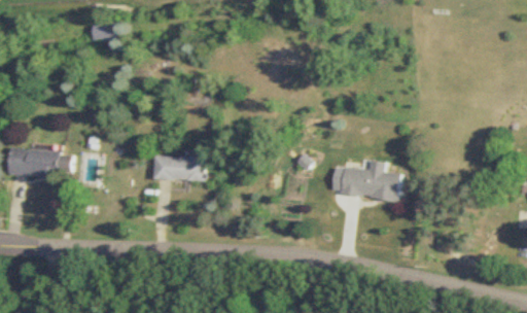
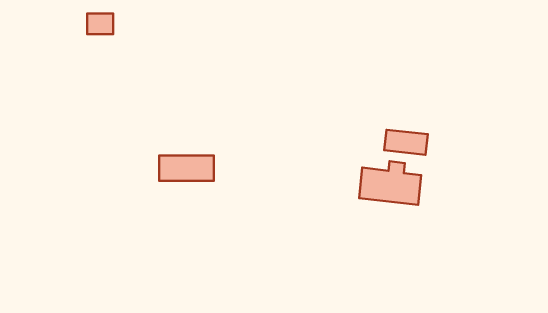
building: none -> [384,130,428,155]
building: [8,147,70,176] -> none

